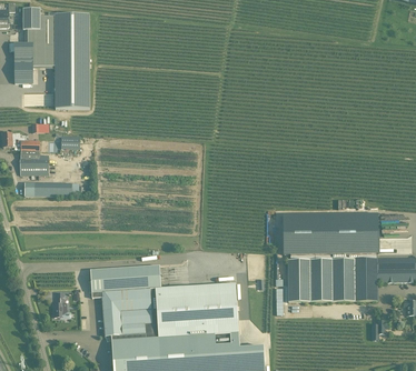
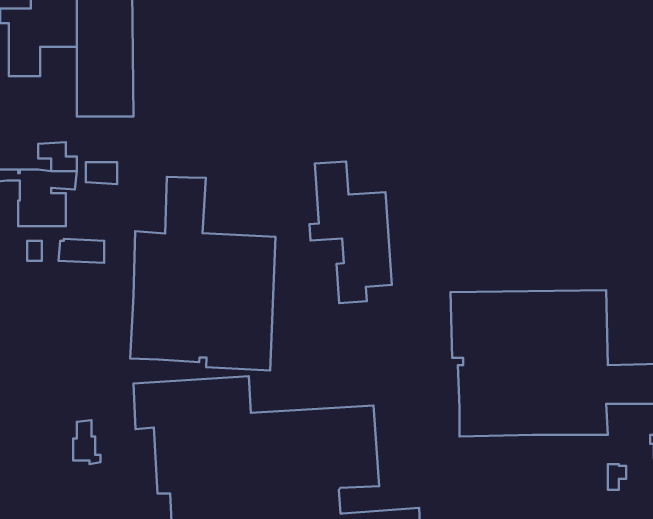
building: none -> [310,161,392,303]
building: none -> [130,177,275,370]

